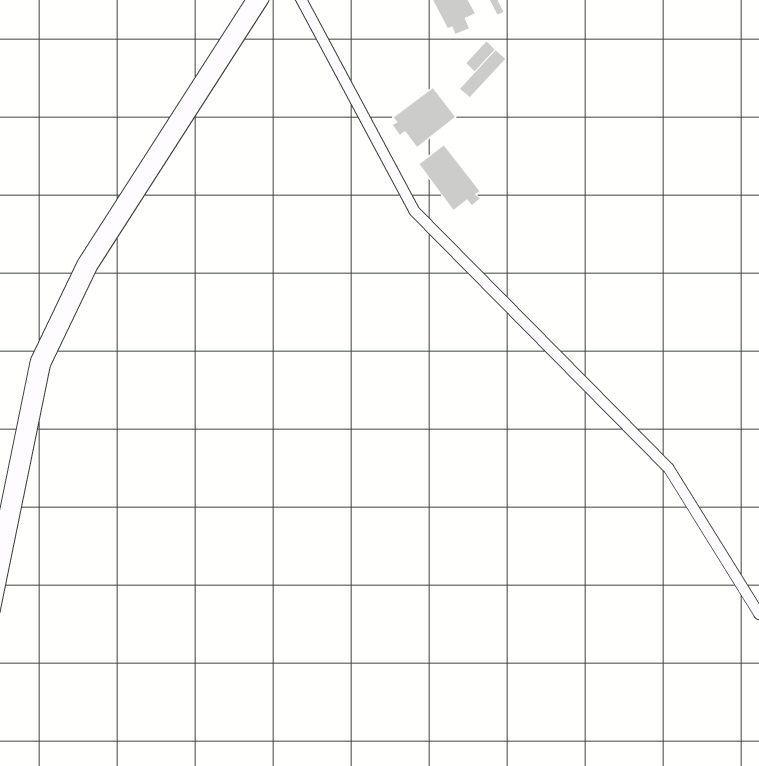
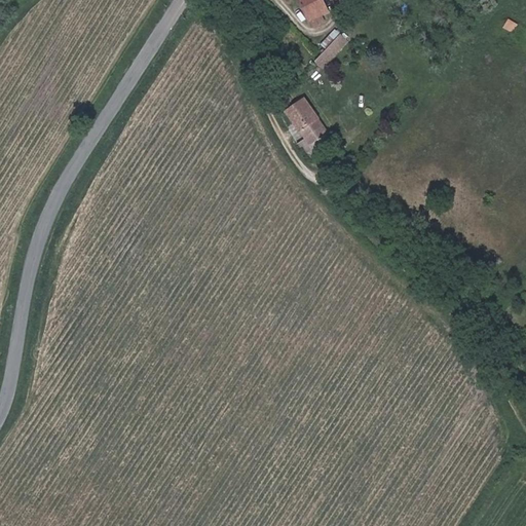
building: [392,87,456,148] -> none

